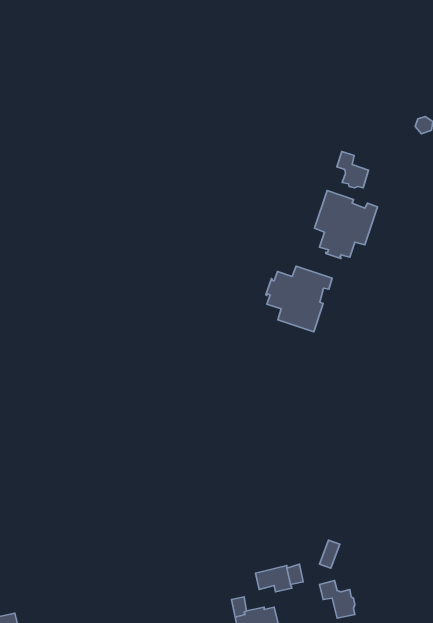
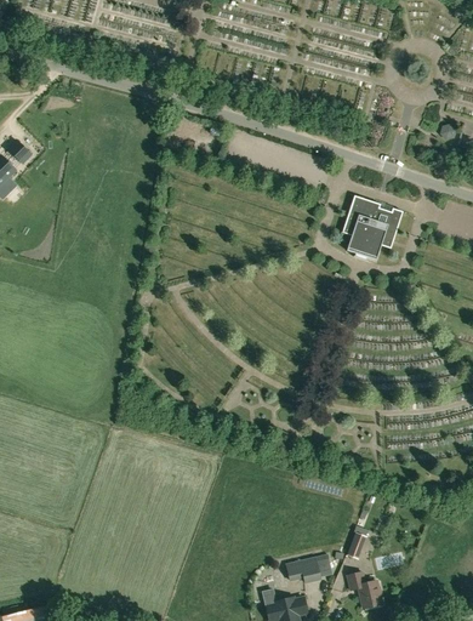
building: [337,152,368,188] -> none
building: [266,266,332,332] -> none

